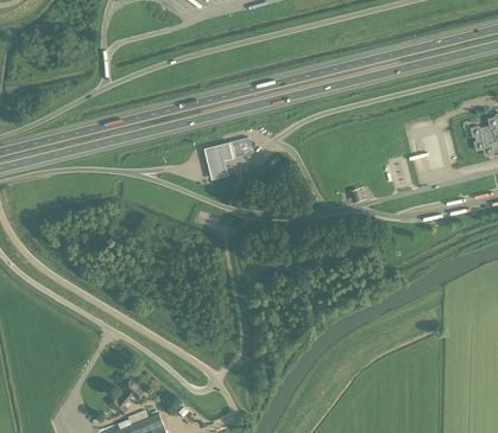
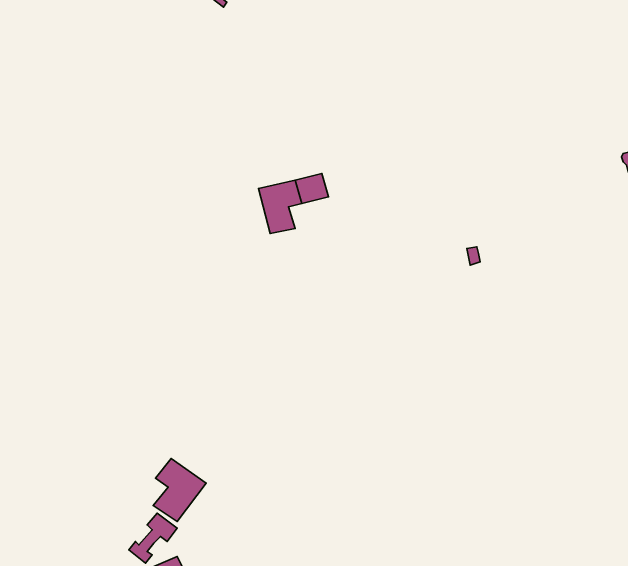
building: none -> [153,458,206,522]

